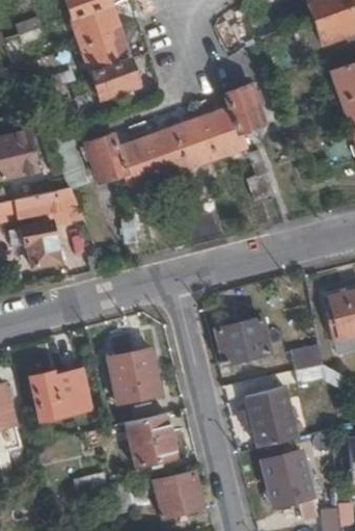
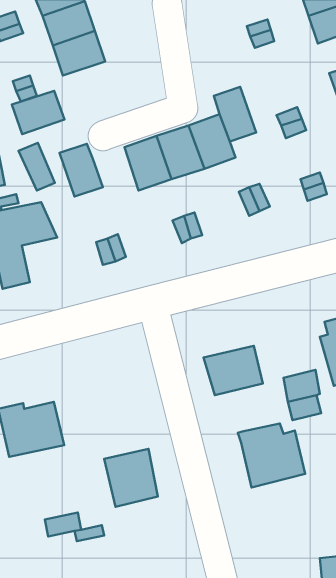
building: [90,59,138,99] -> [12,91,64,134]
building: [117,137,159,187] -> none
building: [109,347,163,403] -> none
building: [264,450,319,520] -> none
building: [156,472,203,517] -> none

